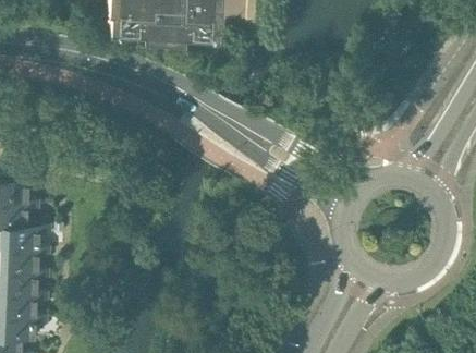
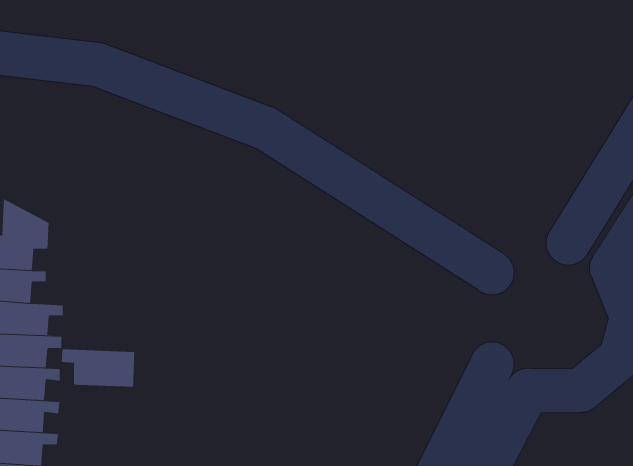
building: none -> [61,349,135,388]

